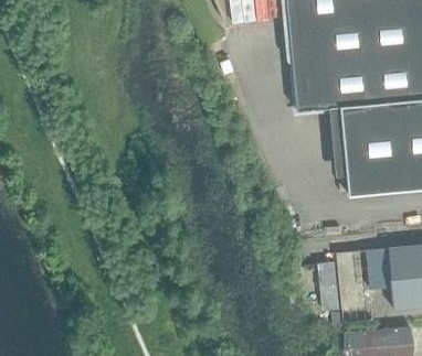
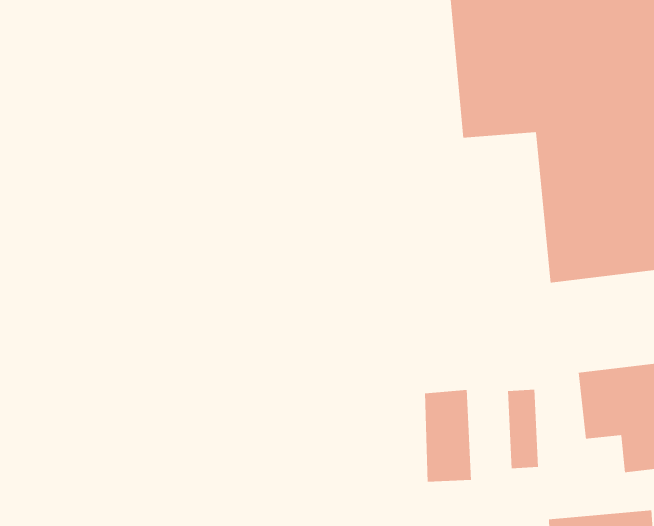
building: none -> [425,389,472,483]

